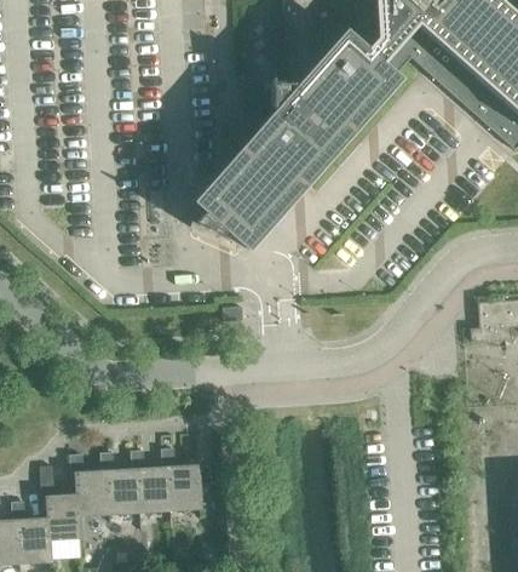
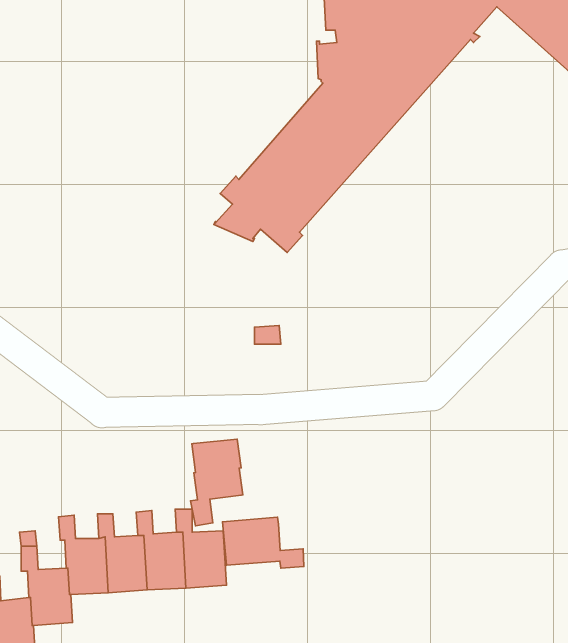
building: none -> [191,439,243,526]
building: none -> [222,517,304,568]

